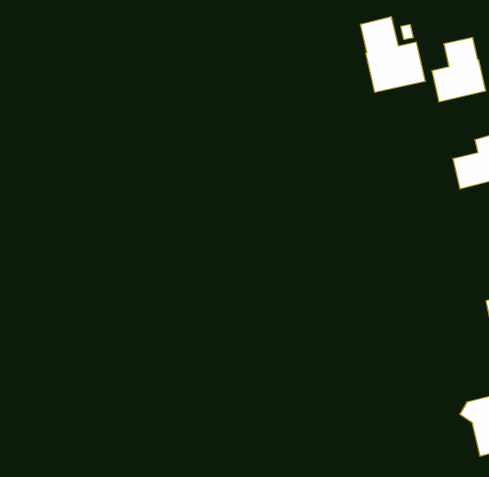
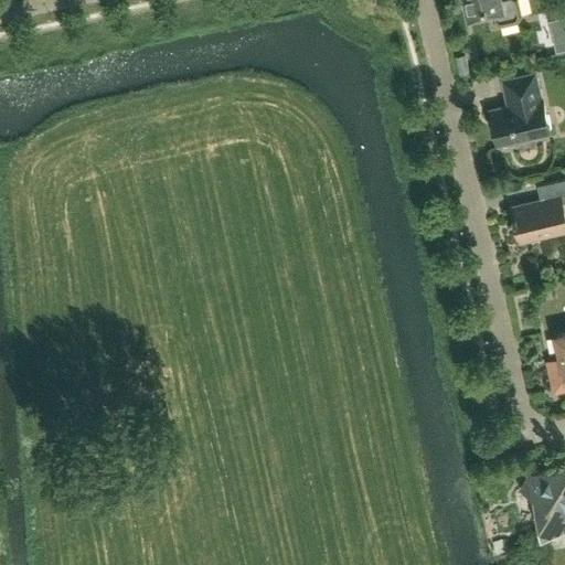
building: [361,16,425,92] -> none

